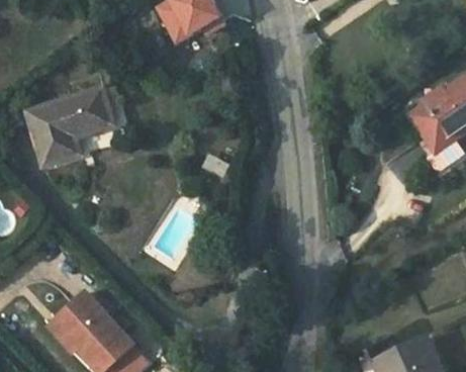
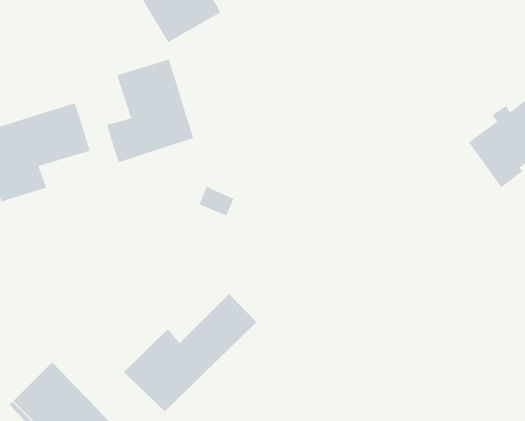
building: none -> [106,59,194,163]
building: none -> [123,293,257,412]

